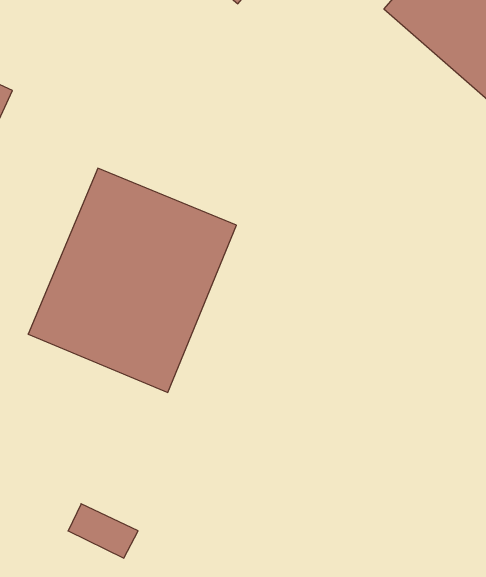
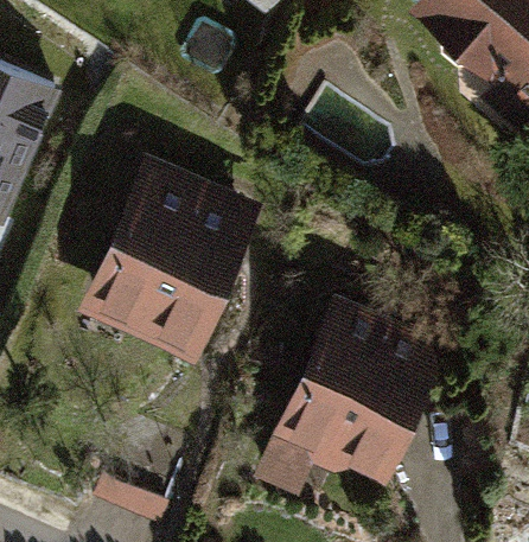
building: none -> [278,312,438,476]

